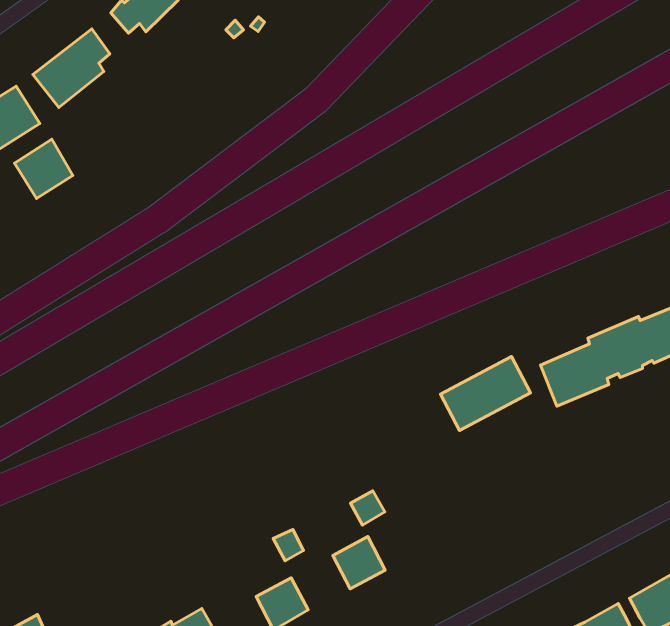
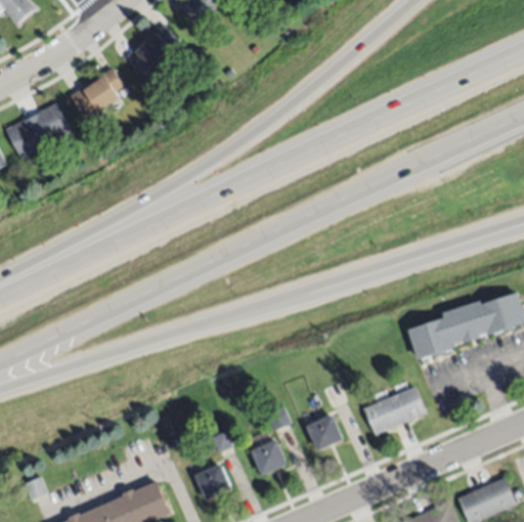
building: [15,139,73,198] -> none
building: [440,356,531,431] -> [363,387,427,436]
building: none -> [307,415,343,450]

